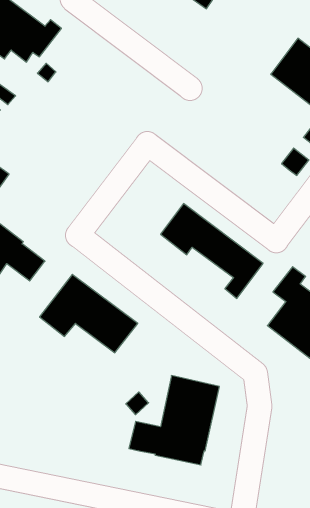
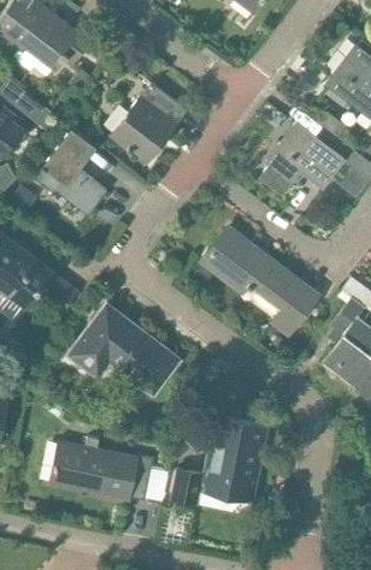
building: none -> [110,84,187,165]
building: none -> [267,126,343,189]
building: none -> [33,127,107,216]
building: none -> [49,438,153,501]

